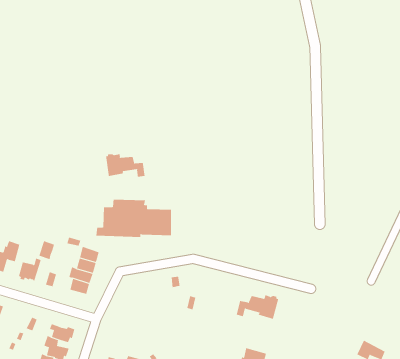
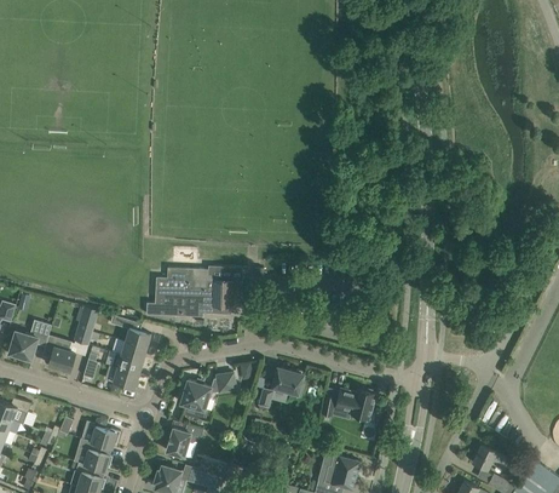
building: [106,153,145,178] -> none
building: none -> [272,368,302,397]
building: none -> [179,373,235,411]
building: none -> [166,425,202,458]

